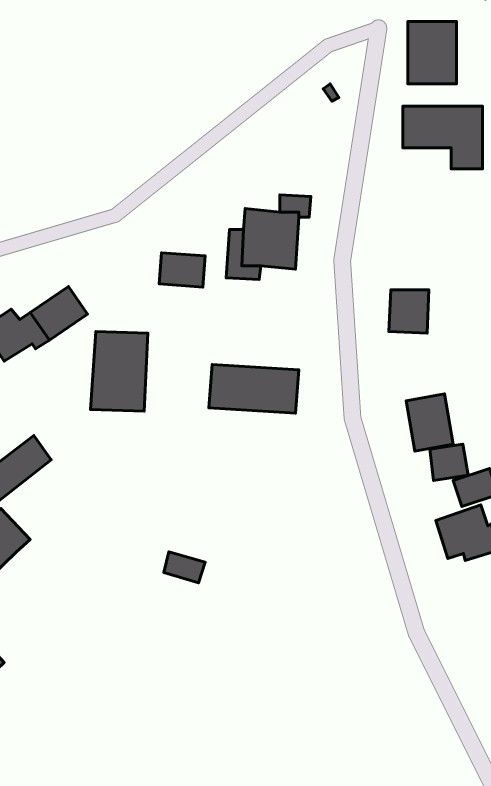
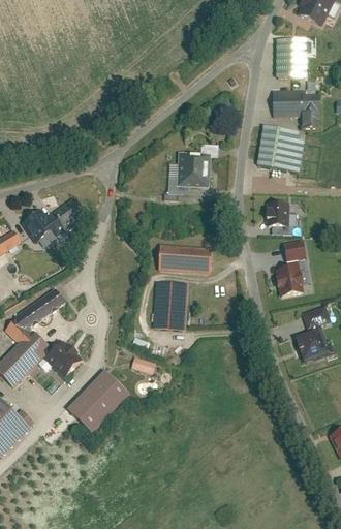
building: none -> [257,125,305,170]
building: [159,253,205,287] -> none
building: [91,331,148,411] -> [153,280,187,328]
building: [430,444,468,480] -> [284,239,307,260]
building: none -> [43,339,81,376]
building: none -> [67,370,129,433]

